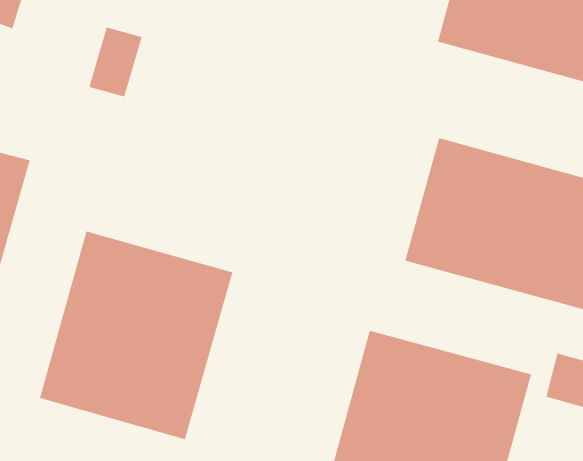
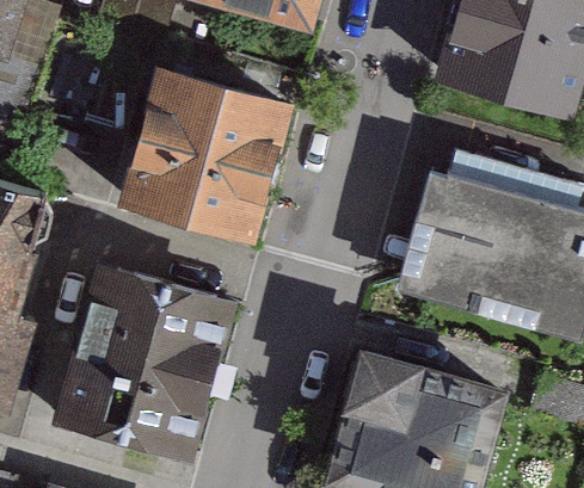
building: none -> [125,76,293,243]

